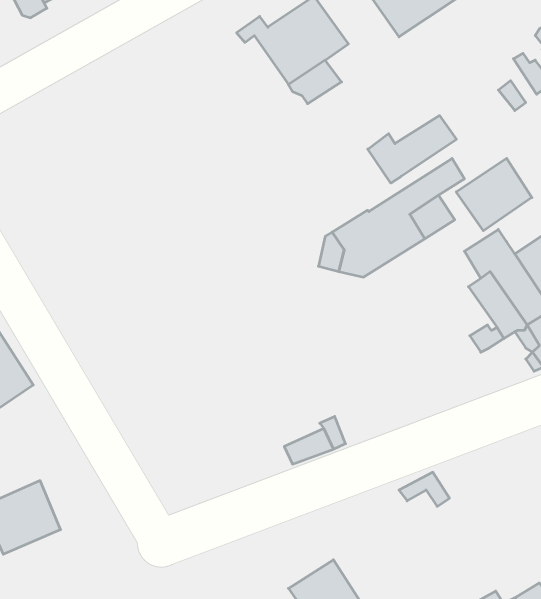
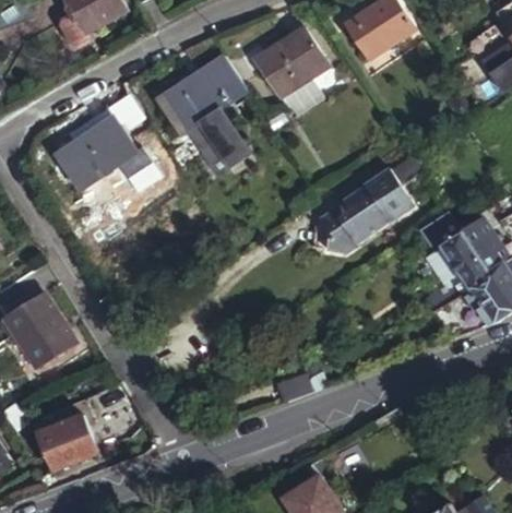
building: none -> [165,36,258,177]
building: none -> [56,116,151,188]
building: [368,116,456,183] -> none
building: [456,158,532,231] -> none

